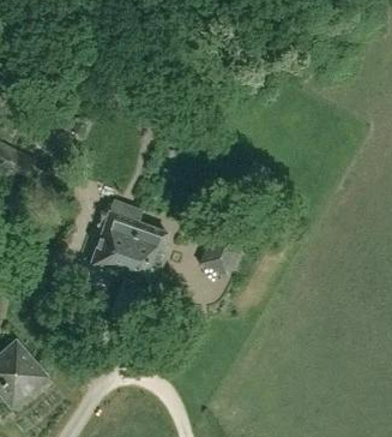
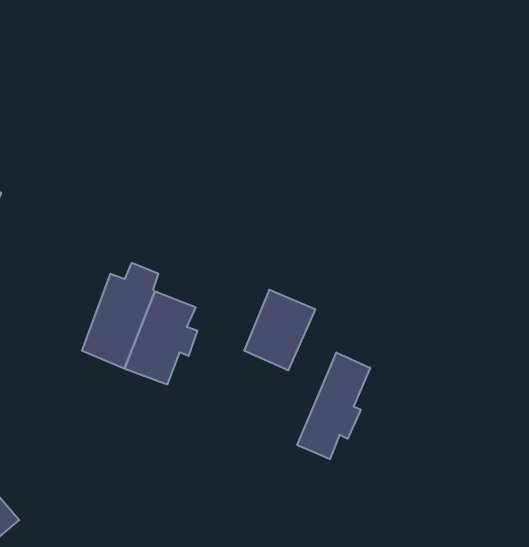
building: none -> [297,352,370,459]

